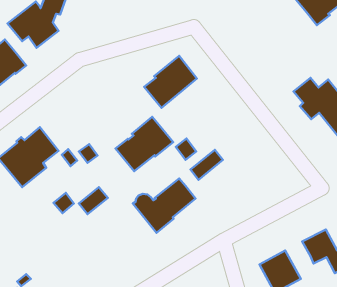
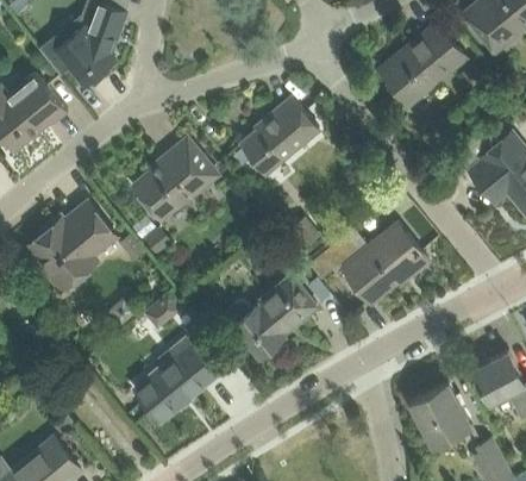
building: none -> [383,24,464,104]
building: [116,117,173,171] -> [134,139,219,219]
building: none -> [343,224,430,304]
building: none -> [136,339,217,421]

